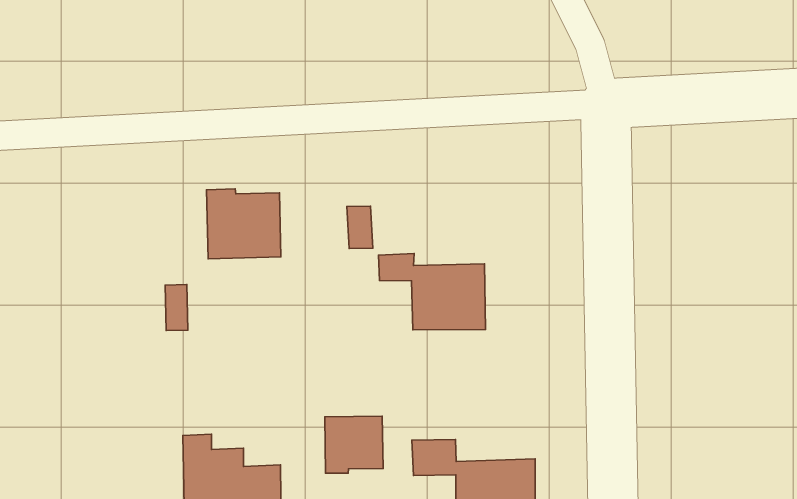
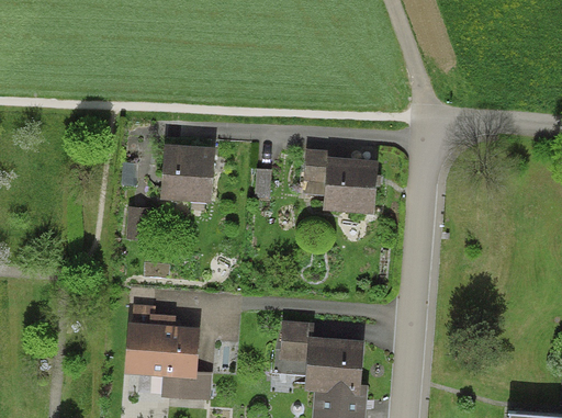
building: [379,254,486,330] -> [305,155,374,210]
building: [325,416,383,473] -> none

